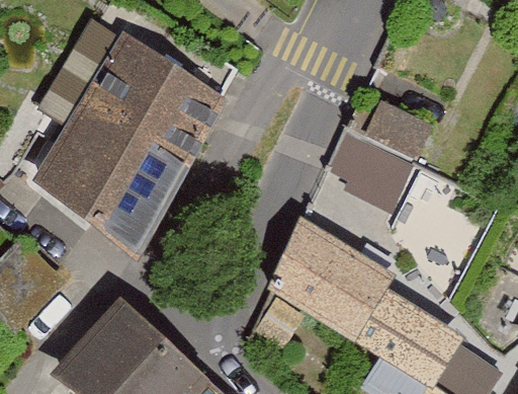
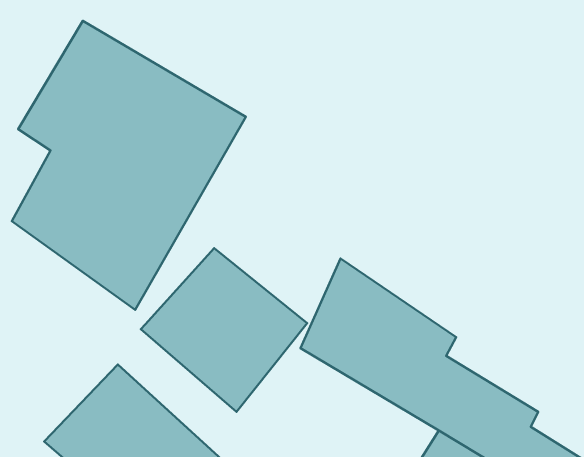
building: [317,88,430,209] -> none
building: none -> [141,248,307,412]

